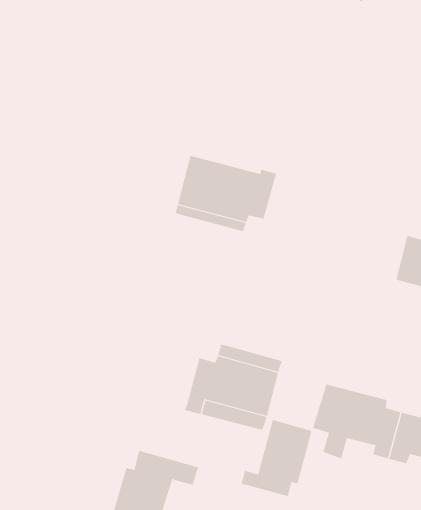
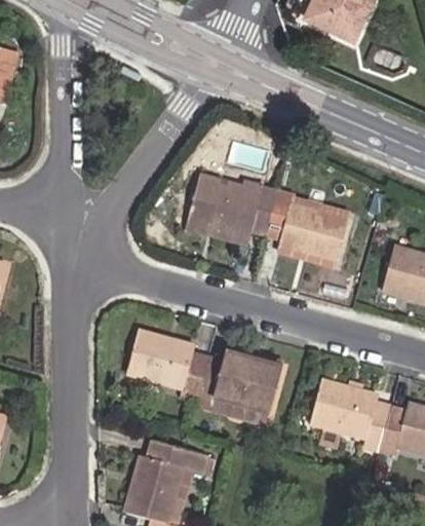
building: none -> [266,192,347,260]
building: none -> [127,332,207,400]
building: [241,419,312,497] -> none

